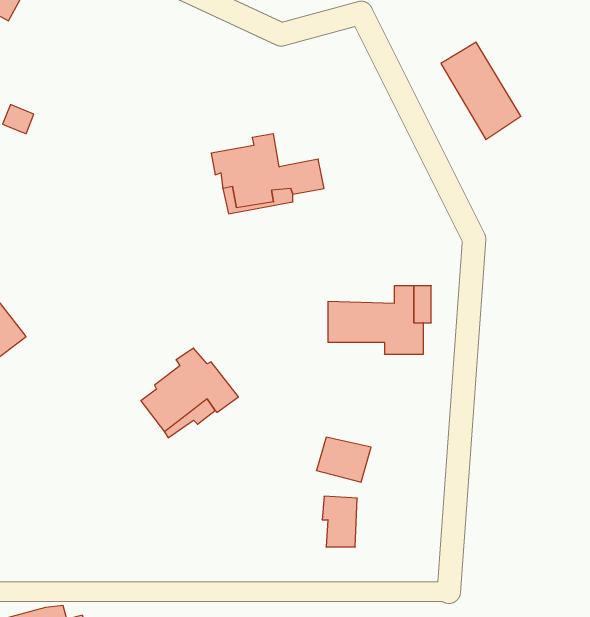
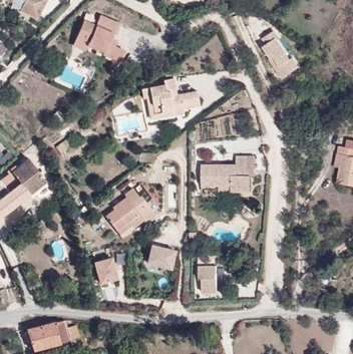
building: none -> [71,14,125,63]
building: [316,437,371,482] -> [145,247,173,270]
building: none -> [93,259,116,284]

